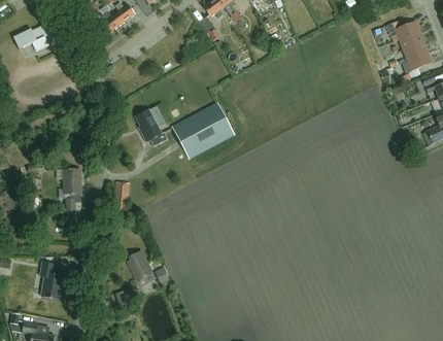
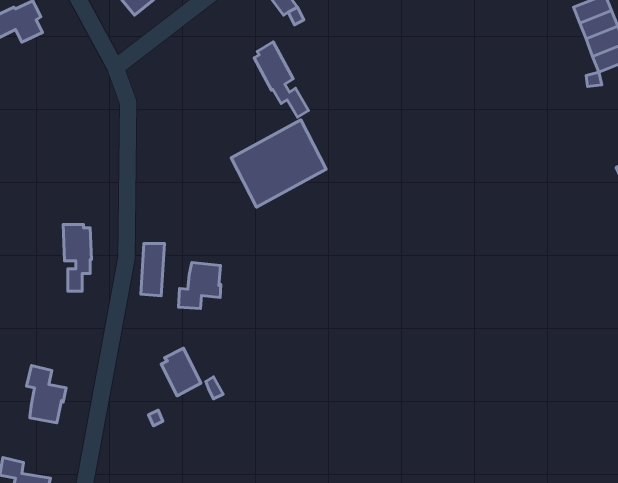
building: none -> [254,42,308,117]
building: [135,109,169,147] -> none
building: none -> [178,262,221,308]

